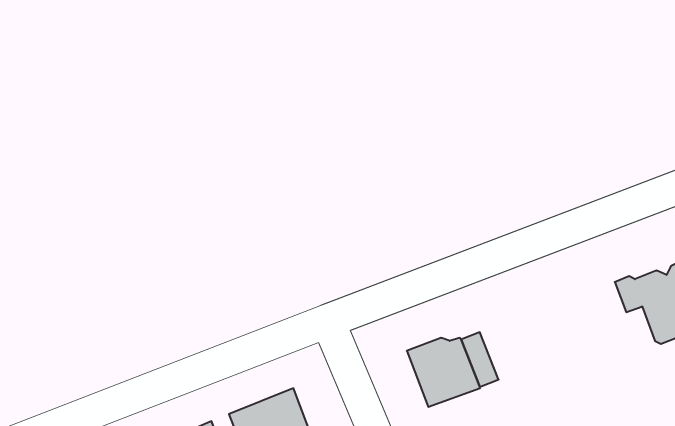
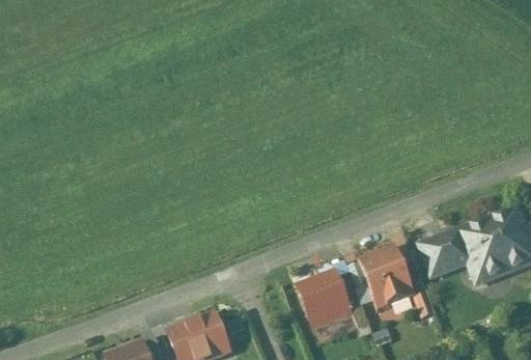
building: none -> [423,236,458,274]
building: none -> [359,245,416,309]

